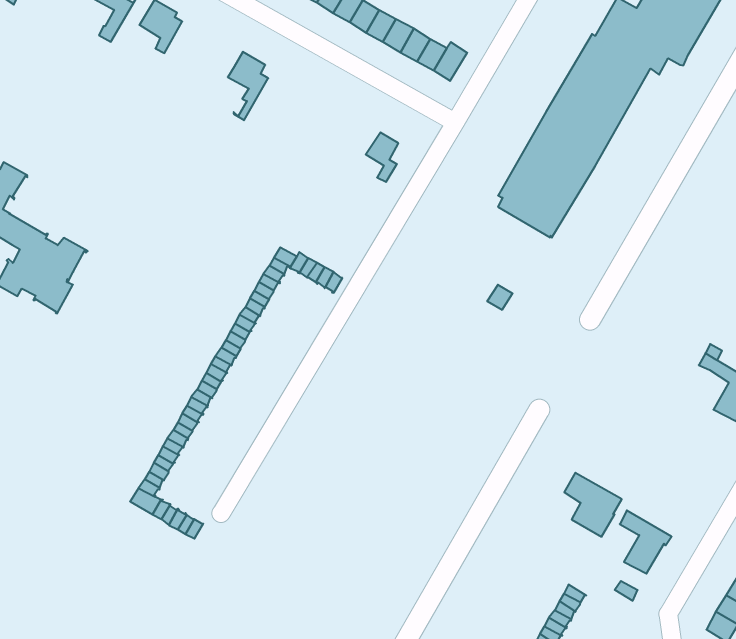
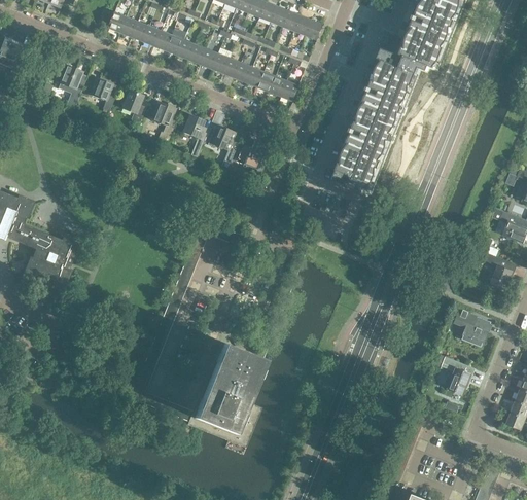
building: none -> [121,88,145,121]
building: none -> [180,111,208,156]
building: none -> [213,126,238,160]
building: none -> [179,344,262,444]
building: [564,473,622,537] -> [454,308,491,346]

